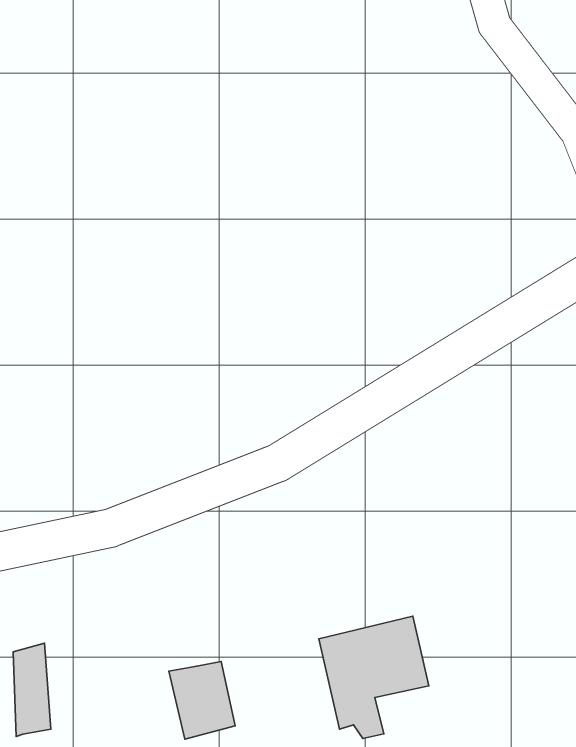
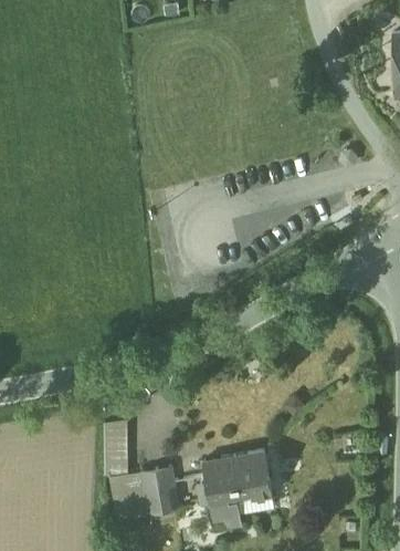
building: [13,643,51,736] -> [105,420,127,478]
building: none -> [143,467,178,513]

